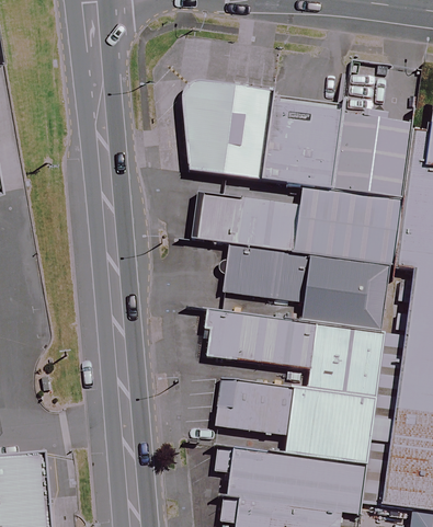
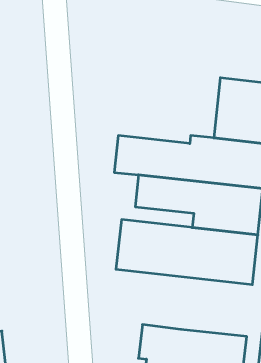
building: [176,81,265,181] -> none
building: [260,99,338,193] -> none
building: [215,376,380,465] -> none

